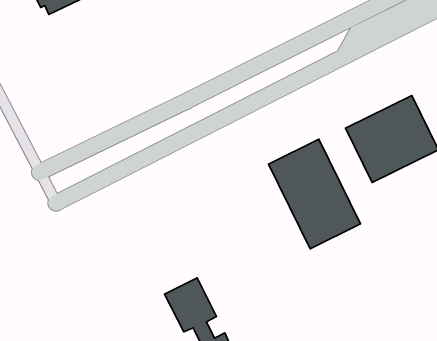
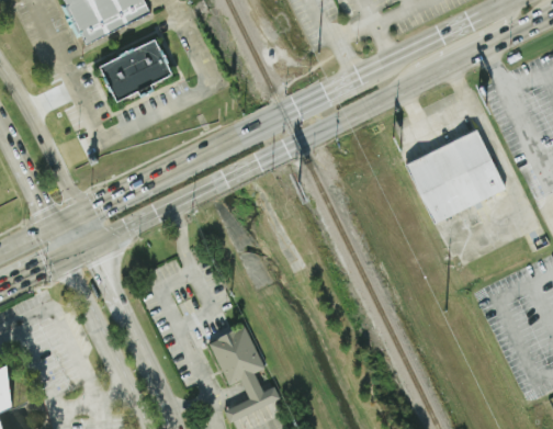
building: none -> [102,39,173,101]
building: [268,139,361,249] -> none

